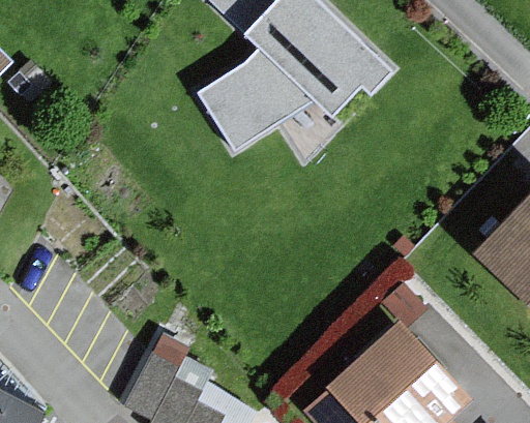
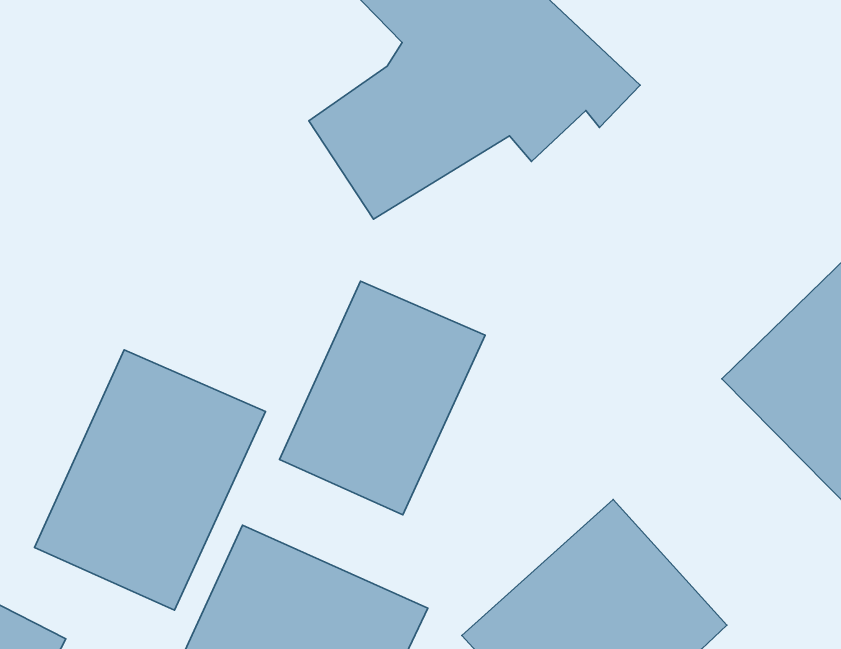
building: none -> [280,281,485,515]
building: none -> [35,350,266,610]

